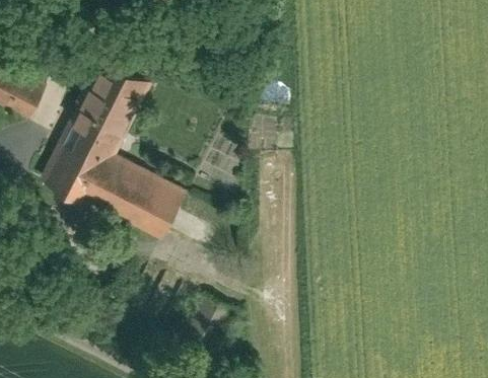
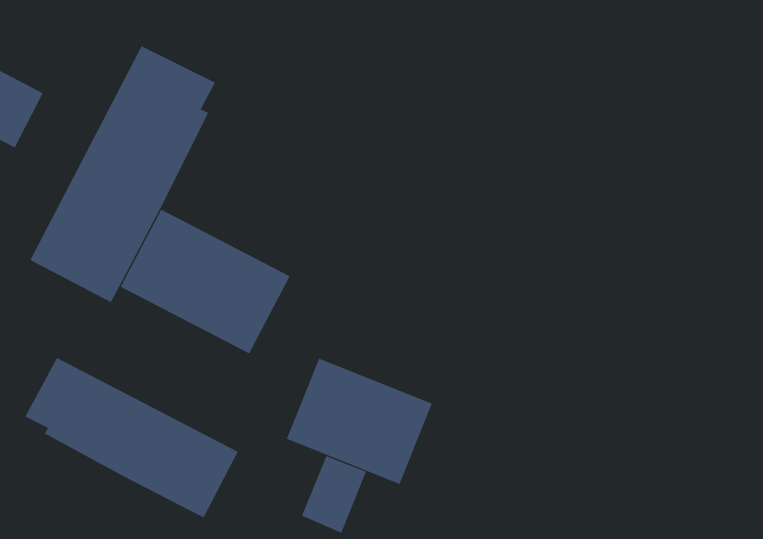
building: none -> [25,357,238,518]
building: none -> [286,358,432,485]

